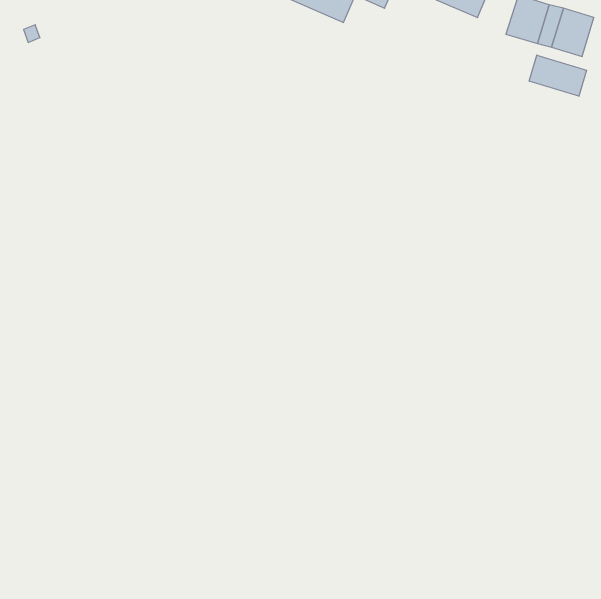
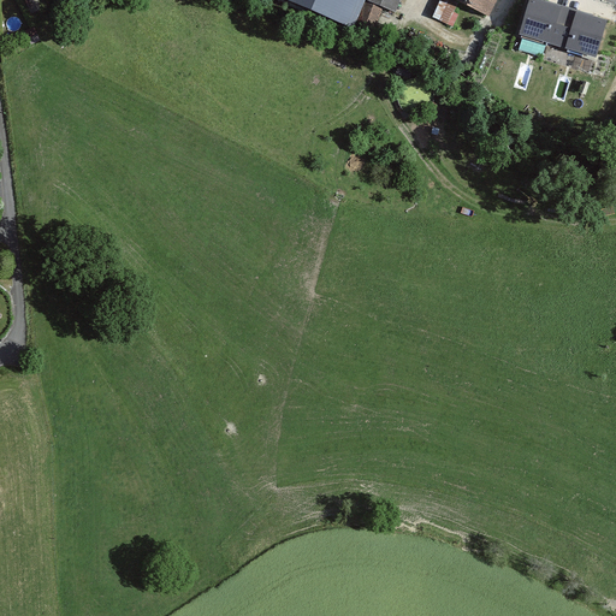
building: [529,55,587,96] -> none

